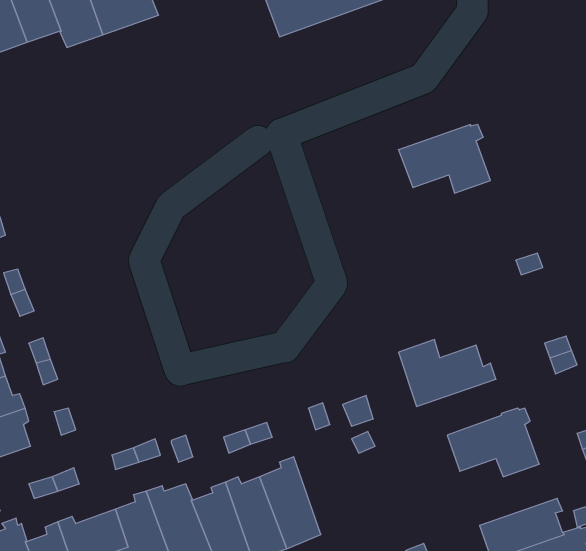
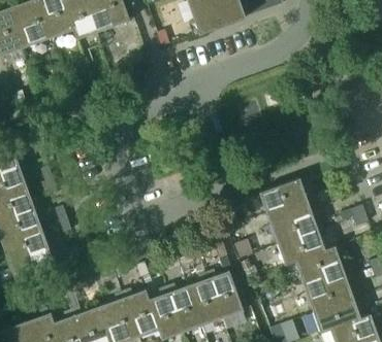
building: [398,125,490,193] -> [258,178,311,217]
building: none -> [277,230,325,266]
building: none -> [206,270,244,318]
building: none -> [301,275,357,313]

